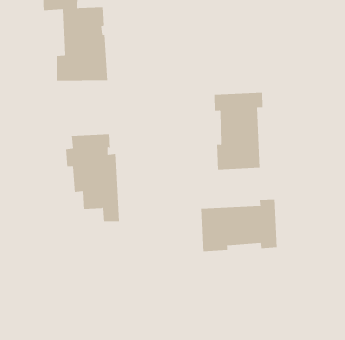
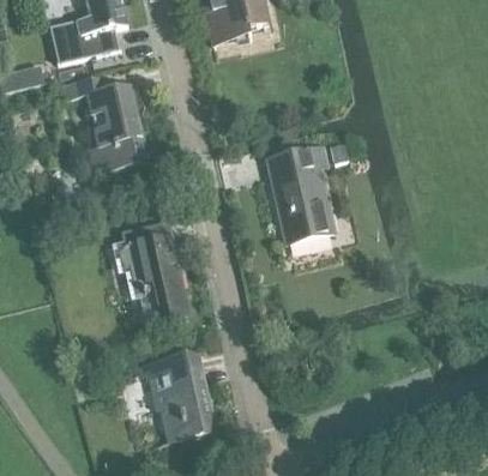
building: [201,199,277,252] -> none
building: none -> [131,353,211,441]

